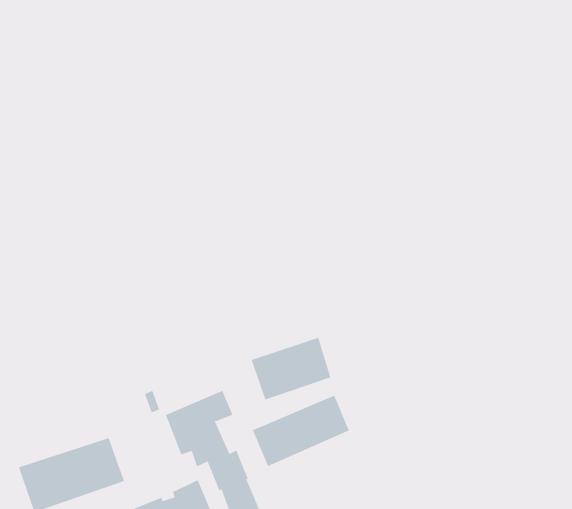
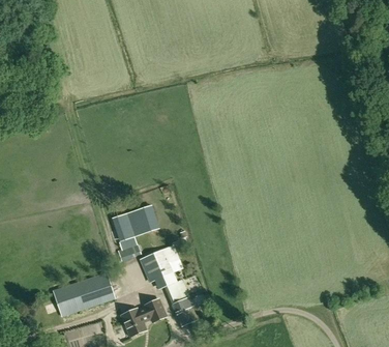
building: [251,337,331,400] -> [114,203,161,240]
building: [252,395,349,467] -> none

